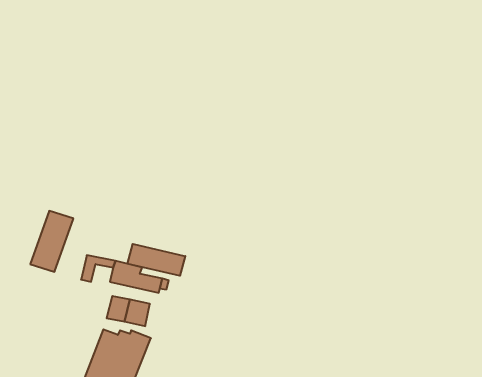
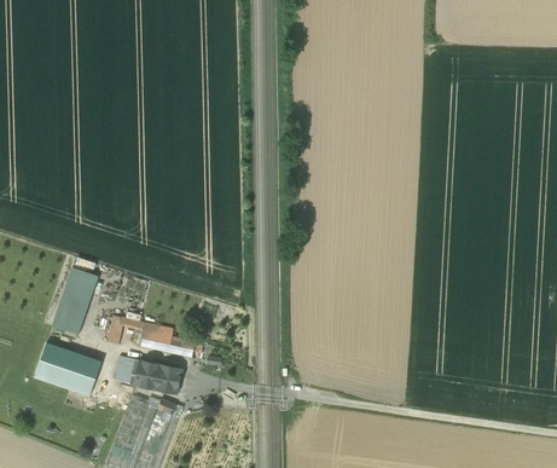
building: [127,244,185,276] -> none
building: none -> [34,342,100,395]
building: none -> [112,356,140,385]

